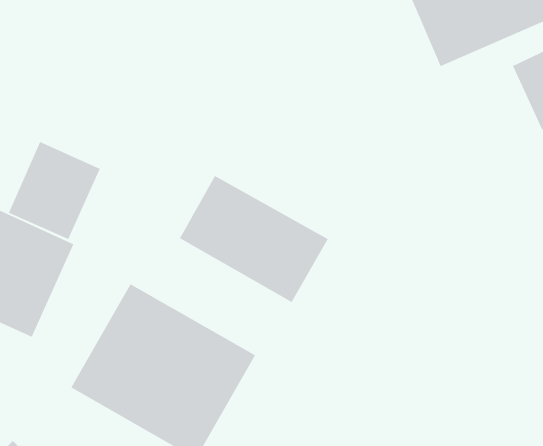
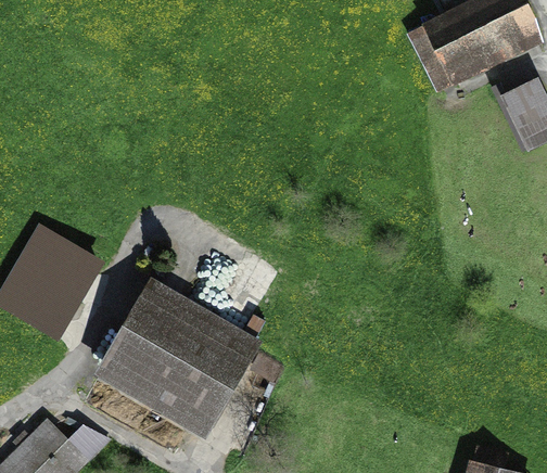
building: [8,141,101,240] -> none
building: [179,175,329,303] -> none

